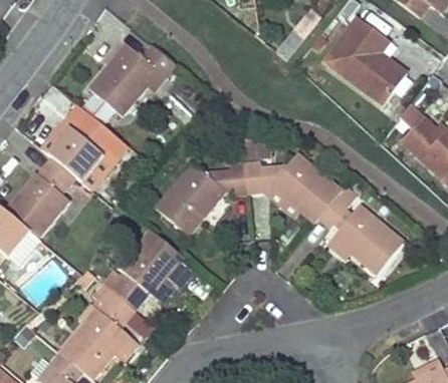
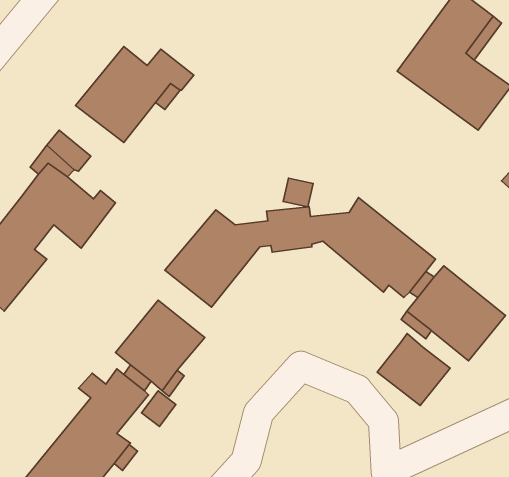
building: none -> [377,334,450,406]

